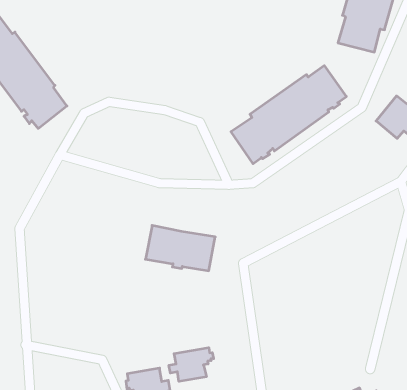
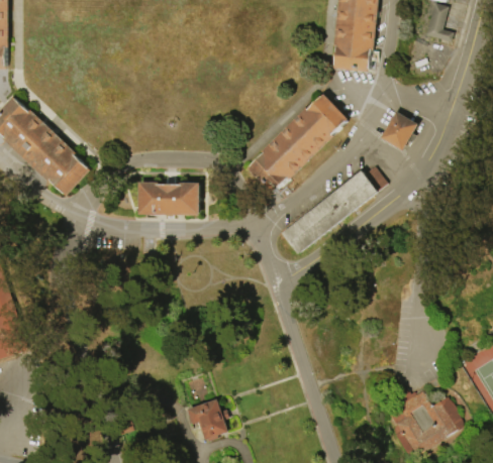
building: none -> [280,166,386,254]
building: [145,225,215,271] -> [137,182,199,217]
building: [169,348,214,381] -> none

